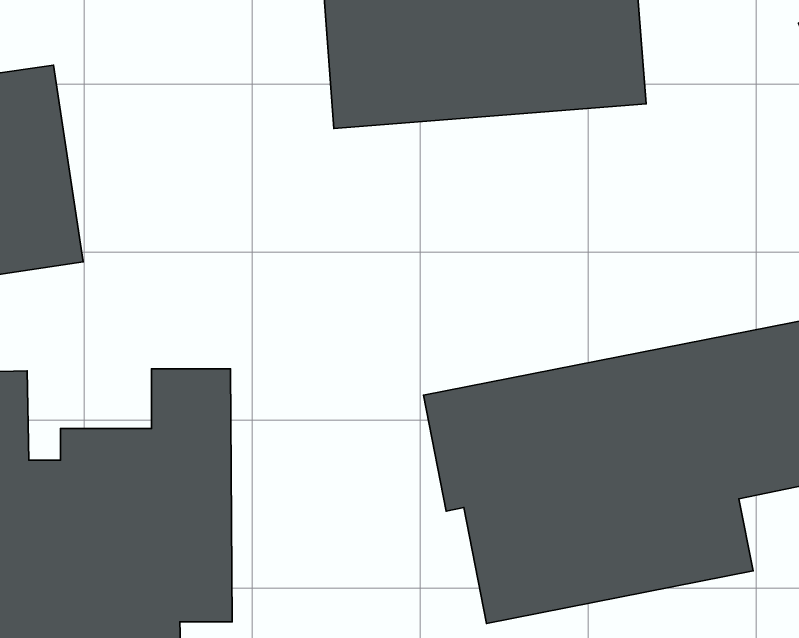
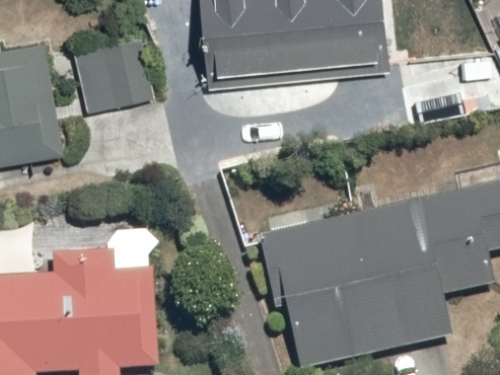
building: none -> [73,40,136,108]

